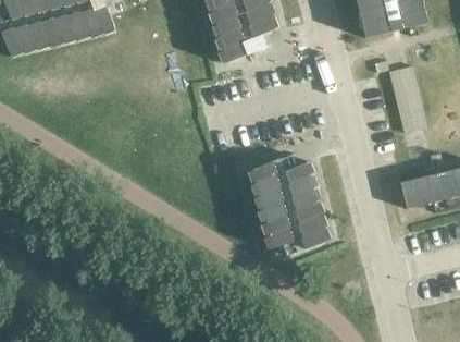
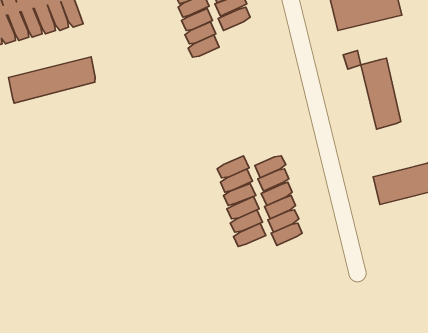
building: none -> [8,57,95,103]

